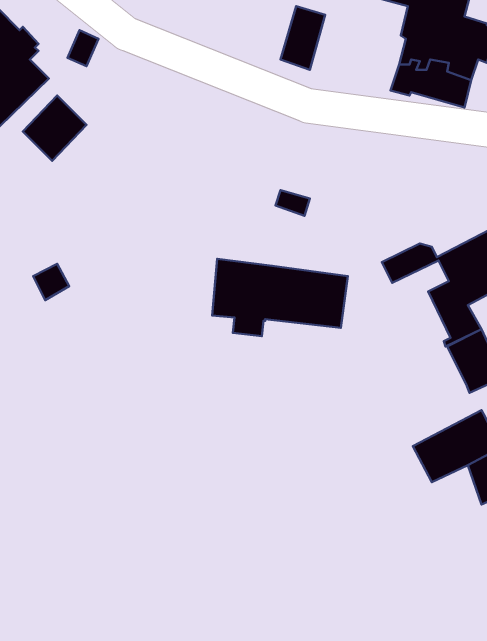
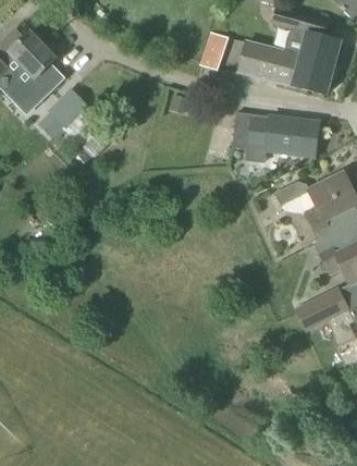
building: none -> [237,39,290,84]
building: [212,259,348,336] -> [233,112,319,161]

